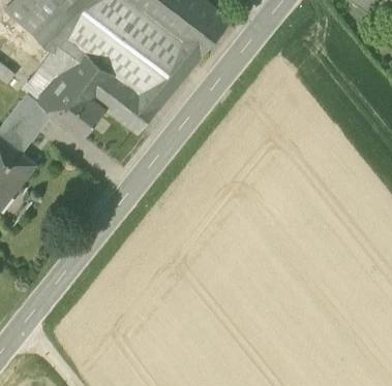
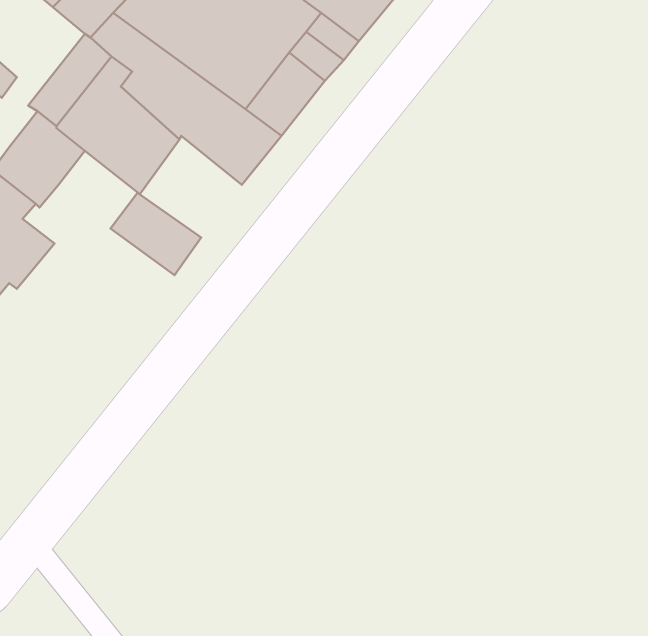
building: none -> [110,193,201,275]

